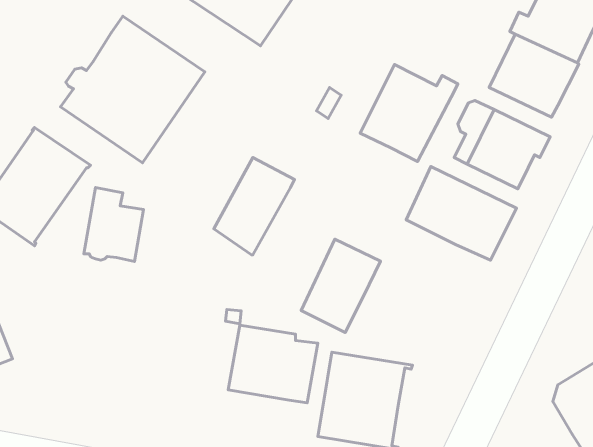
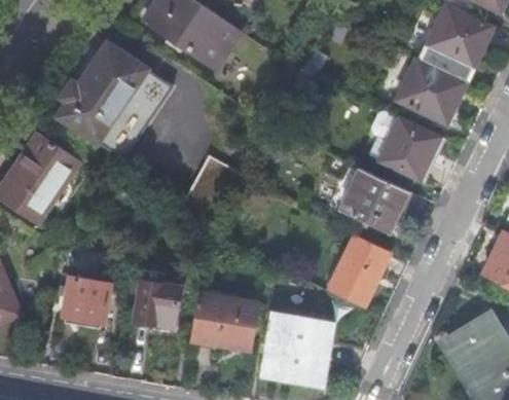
building: [360,65,458,162] -> none
building: [84,188,144,262] -> [133,270,180,329]
building: [301,239,380,333] -> [328,234,391,308]
building: none -> [62,278,109,325]

